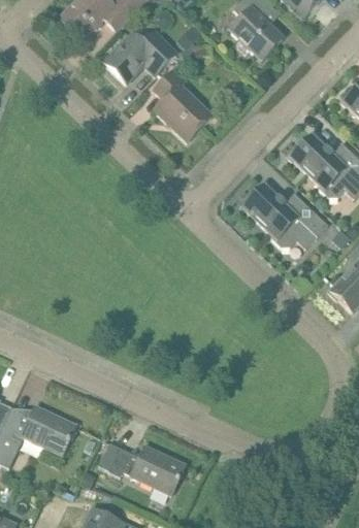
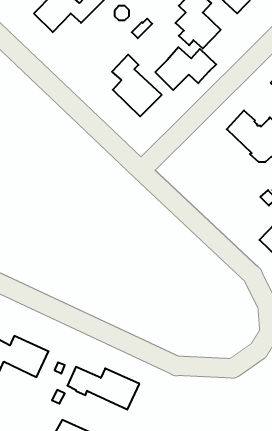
building: [104,31,177,82] -> [155,47,216,90]
building: [242,184,328,249] -> none

